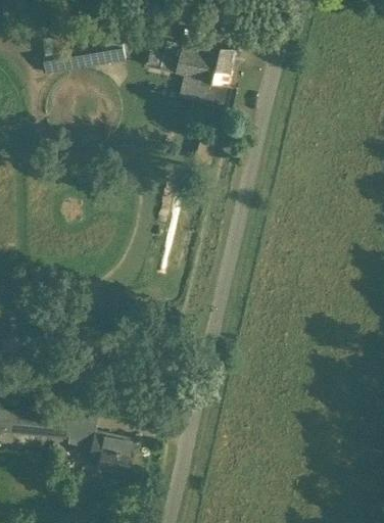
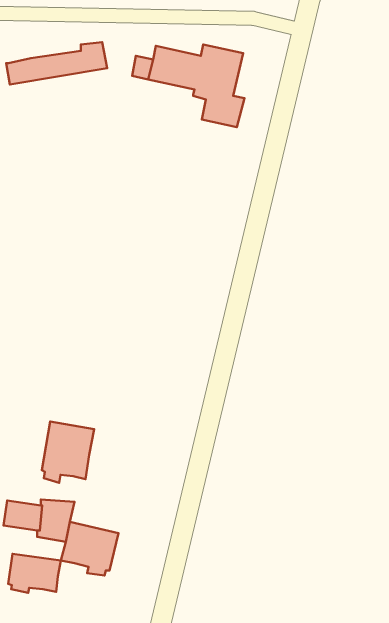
building: none -> [42,421,94,483]
building: none -> [8,554,61,593]

